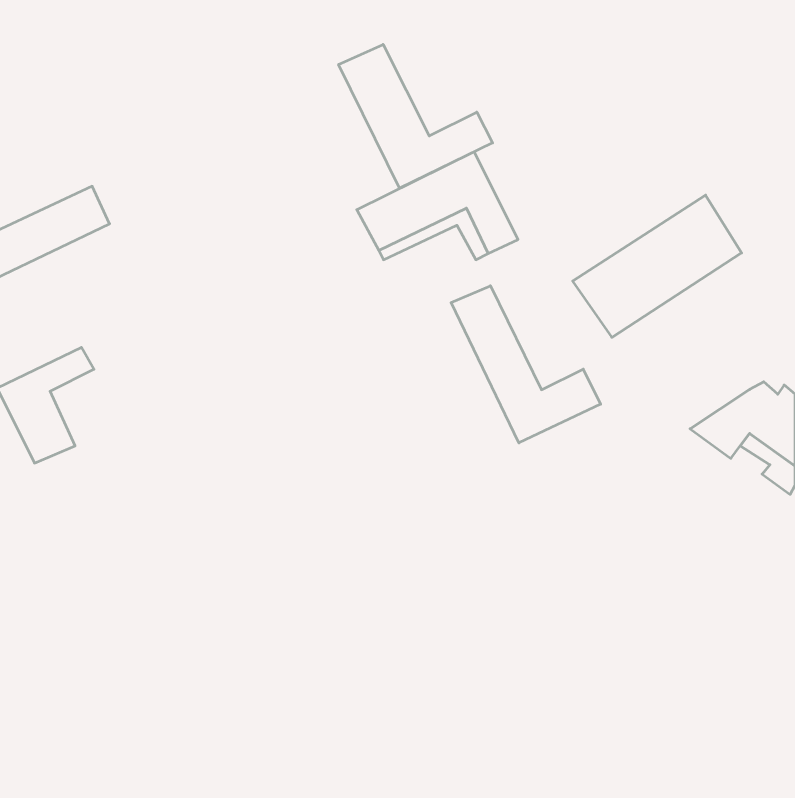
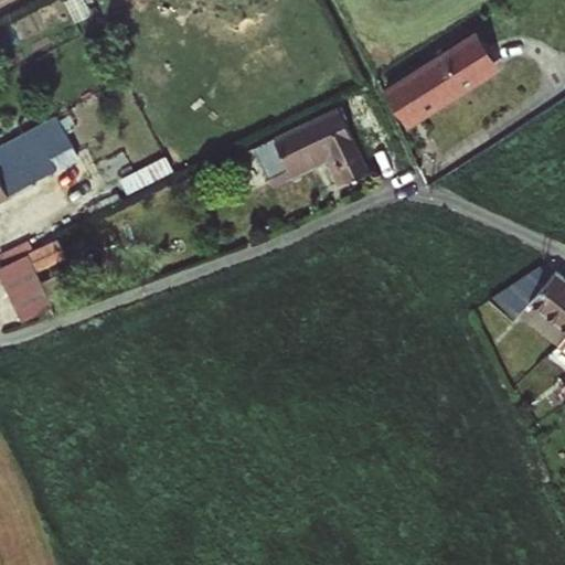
building: [339,44,493,188] -> none
building: [573,195,742,337] -> [383,29,502,129]
building: [451,286,601,443] -> none

